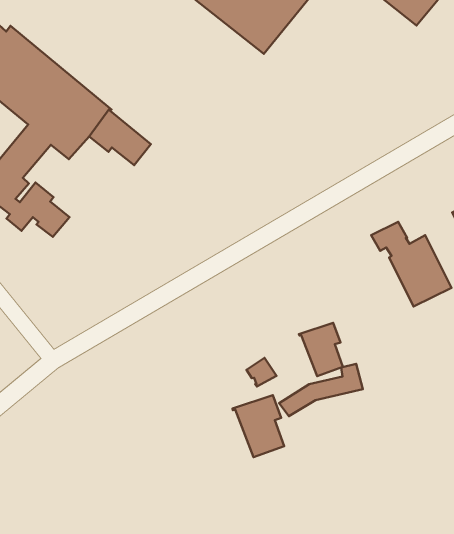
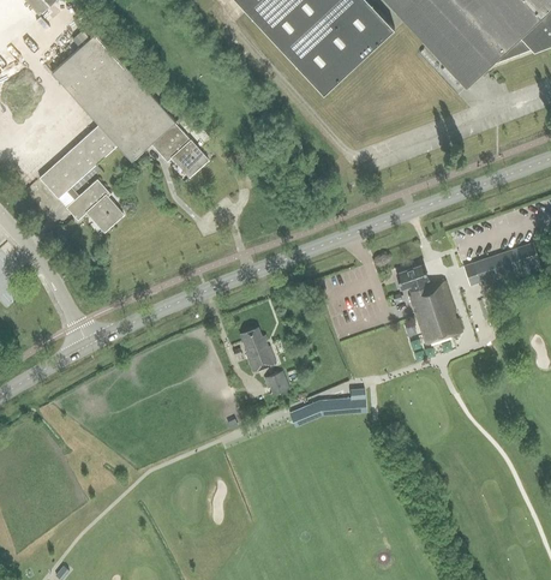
building: none -> [240,327,276,371]
building: [299,323,343,376] -> none
building: [232,395,284,457] -> none

